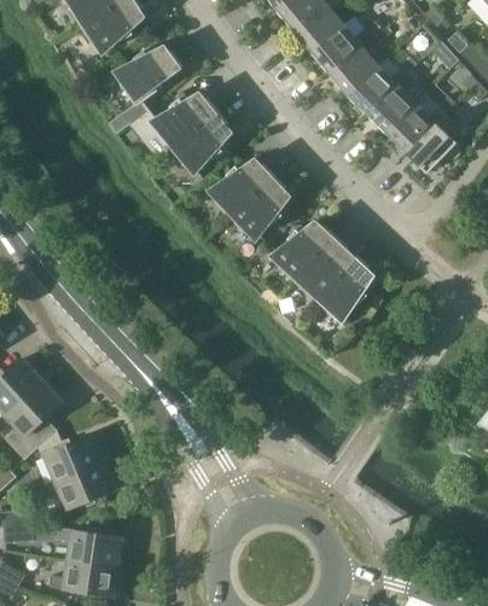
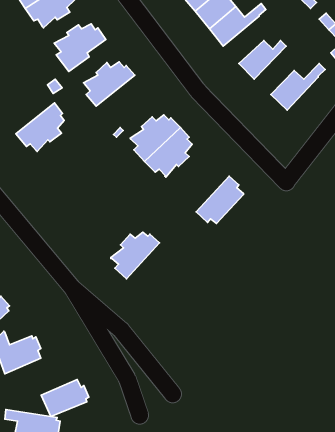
building: [326,36,377,95] -> none
building: [365,69,425,134] -> none
building: [168,110,228,170] -> [16,103,64,151]
building: [406,112,458,173] -> none
building: [273,222,333,280] -> [111,232,159,279]
building: [313,255,371,317] -> none
building: [54,462,114,508] -> [41,380,89,416]

